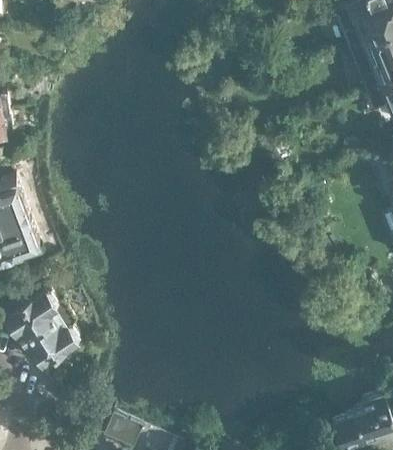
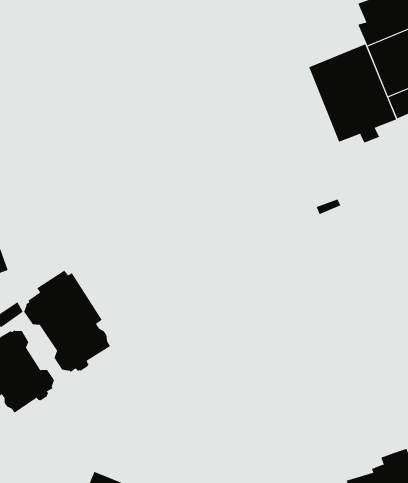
building: none -> [308,43,397,143]
building: none -> [24,270,111,373]

